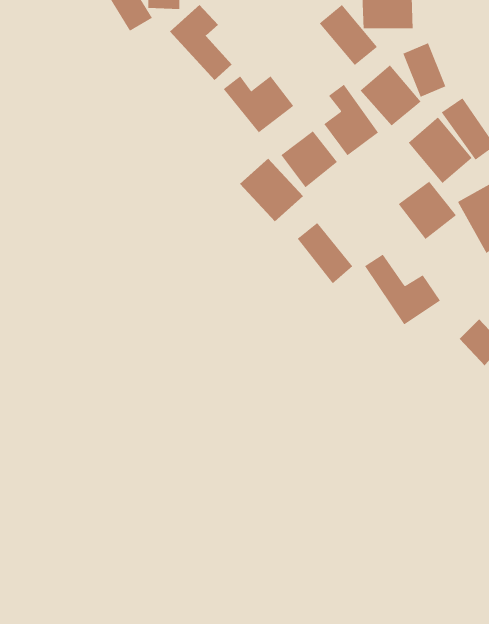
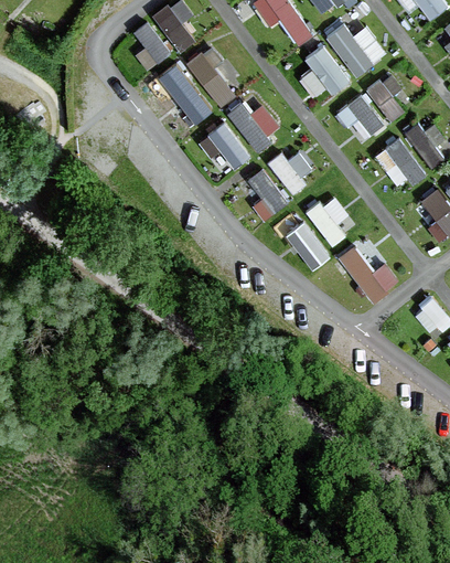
building: none -> [163,66,210,120]
building: [323,84,379,156] -> none
building: none -> [202,120,250,171]
building: [398,181,457,240] -> [307,194,354,242]

